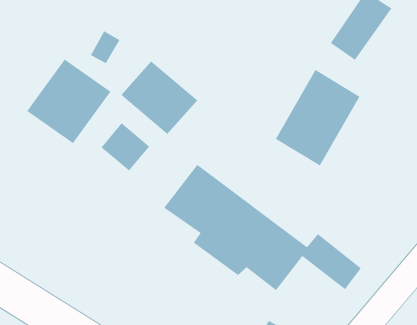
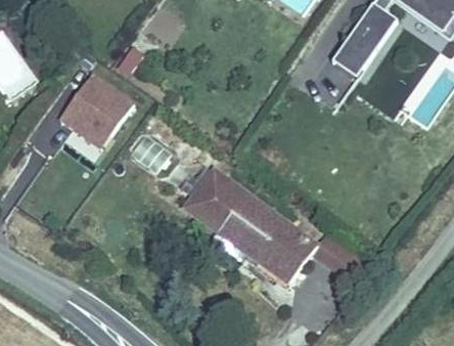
building: [120,60,198,135] -> none
building: [275,69,360,167] -> none

